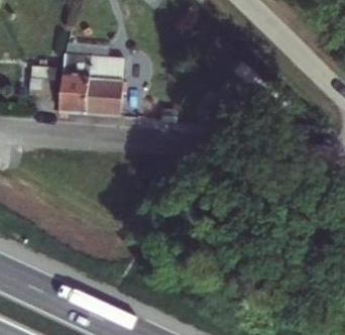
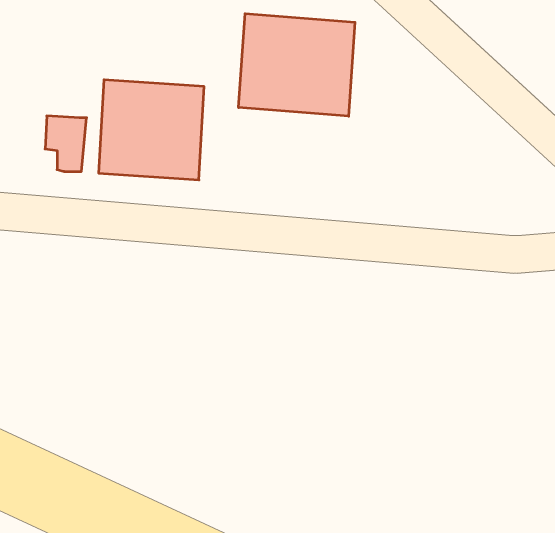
building: none -> [239,14,355,116]

